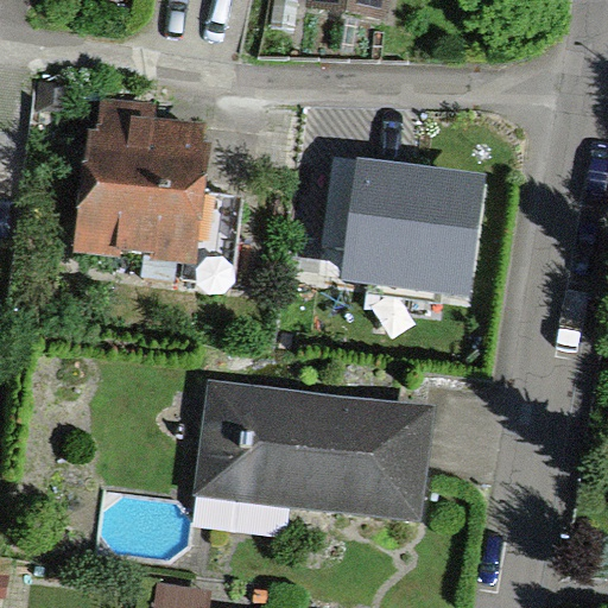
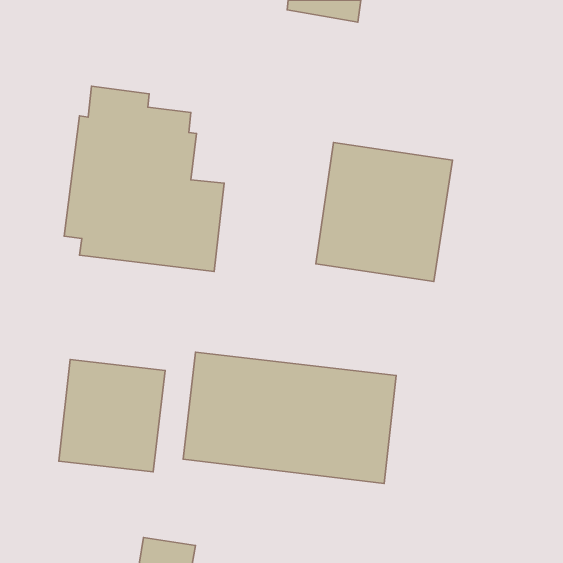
building: none -> [59,360,165,472]

